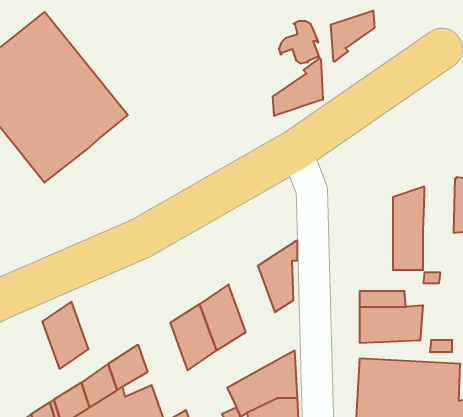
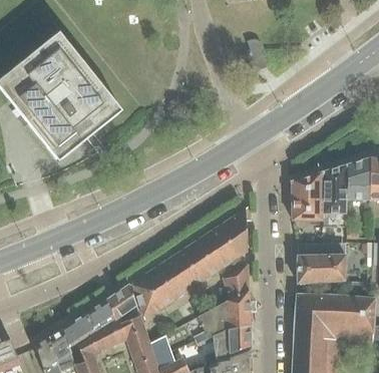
building: [331,10,374,62] -> none
building: [273,58,323,116] -> none
building: none -> [346,157,370,199]
building: none -> [292,172,323,220]
building: none -> [199,225,234,275]
building: [42,302,89,369] -> [132,268,167,319]
building: none -> [224,265,249,300]

